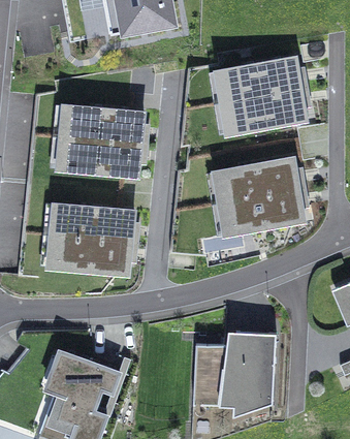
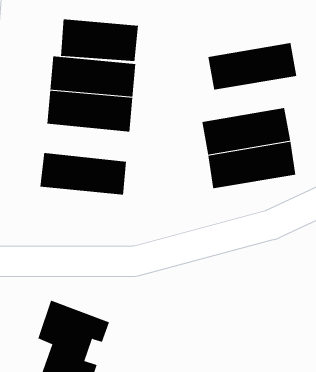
building: [212,55,301,103] -> none
building: none -> [61,19,138,62]
building: [43,236,132,278] -> none
building: [191,331,275,417] -> none

